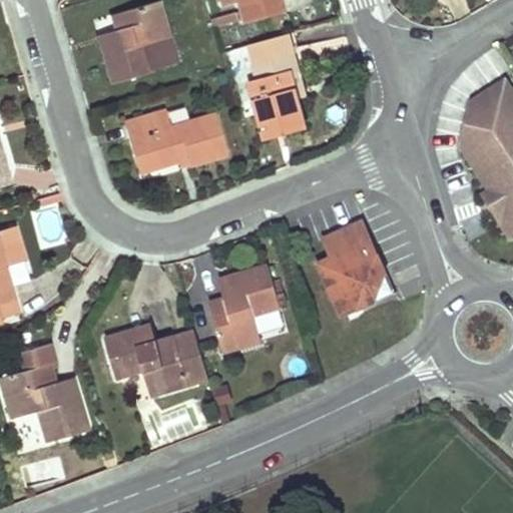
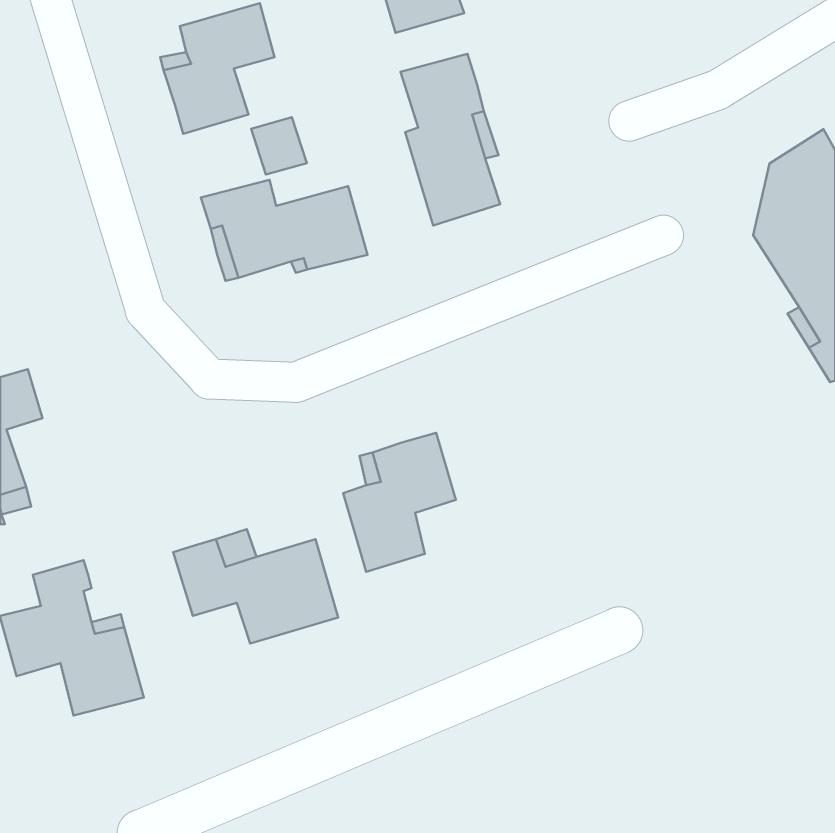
building: [143,35,177,70] -> [251,117,307,174]
building: [320,221,386,315] -> none

